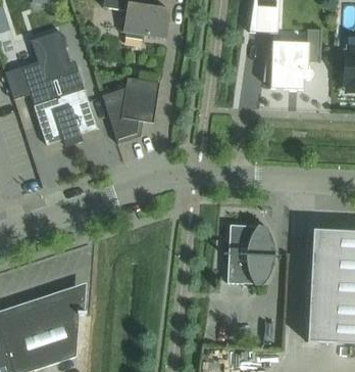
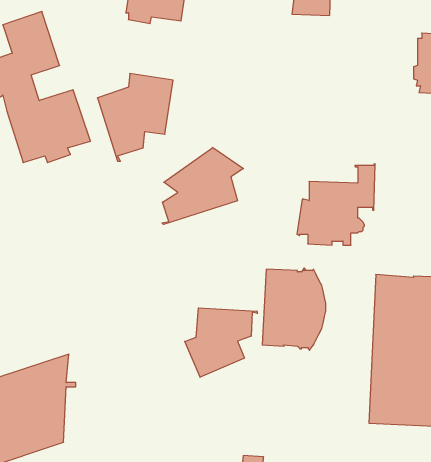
building: [262,27,321,88] -> [297,164,375,245]
building: none -> [162,147,243,224]
building: none -> [185,308,258,377]

